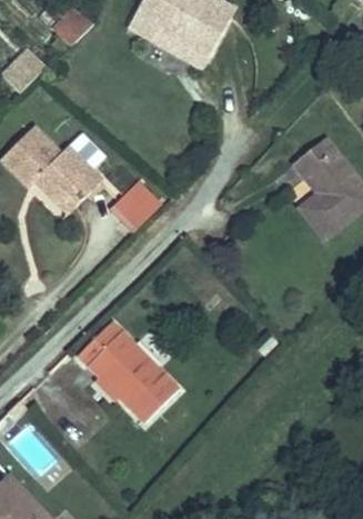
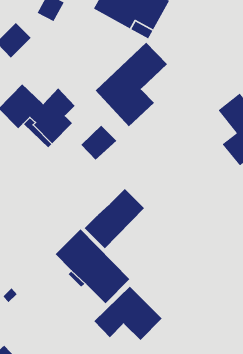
building: none -> [95,42,168,127]
building: none -> [84,188,145,249]
building: none -> [94,286,162,341]

